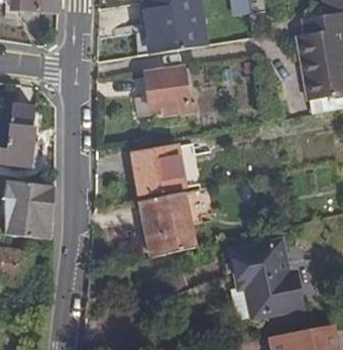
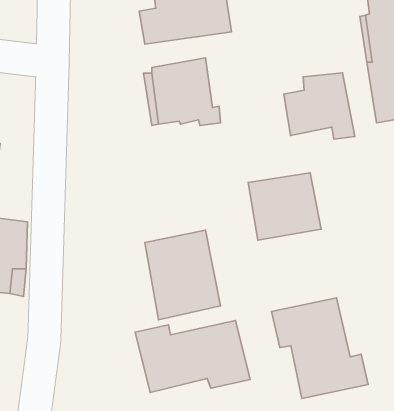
building: none -> [284,73,355,139]
building: [132,144,186,194] -> [248,173,321,240]
building: none -> [135,320,250,392]

